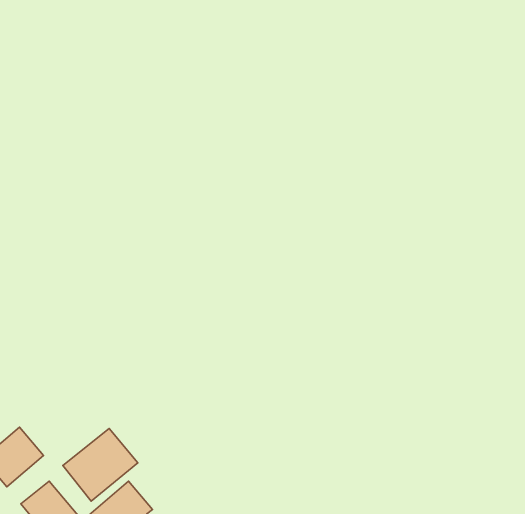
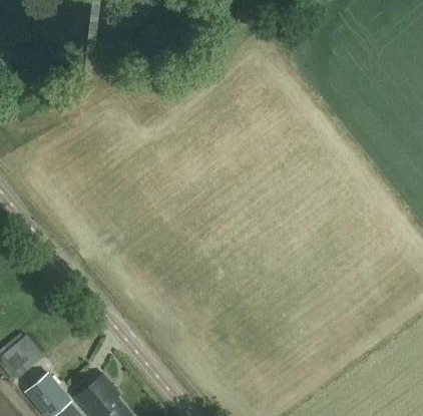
building: [63,429,138,501] -> none

